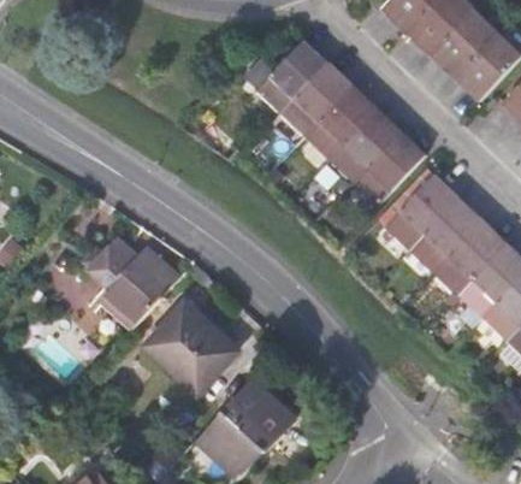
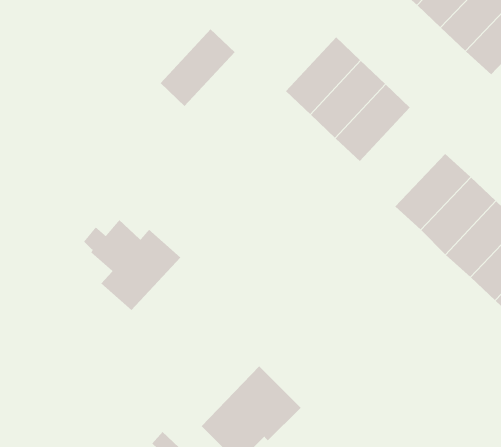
building: [255,39,328,114] -> [160,29,235,107]
building: [351,130,426,206] -> none
building: [143,305,232,397] -> none

